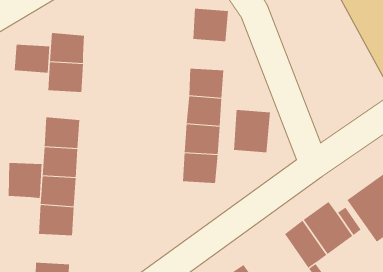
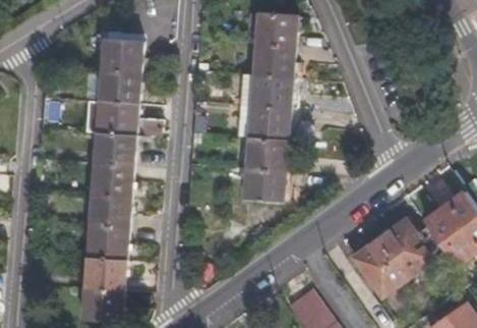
building: none -> [253,45,293,78]
building: [14,44,50,73] -> [97,101,136,132]
building: [234,109,271,153] -> none
building: [8,162,42,199] -> none
building: none -> [85,257,126,289]

